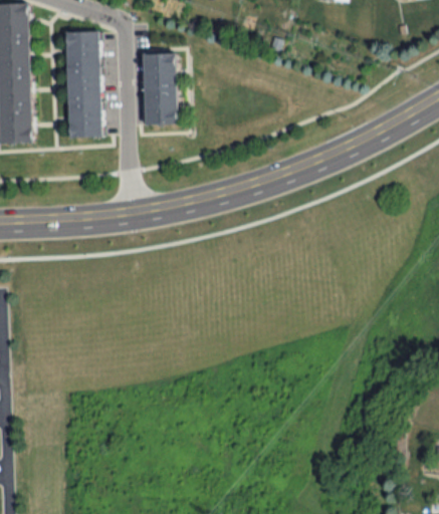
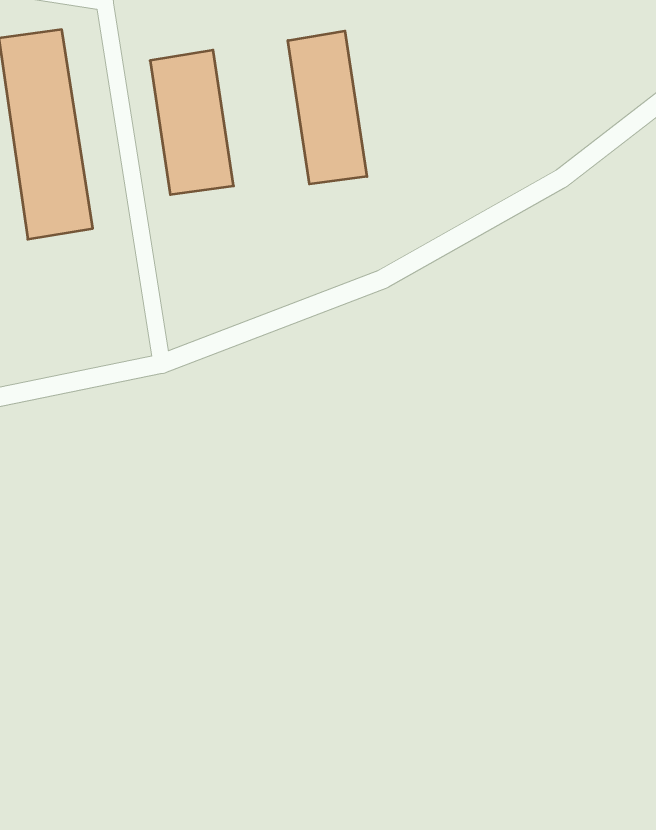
building: none -> [288,31,367,184]

